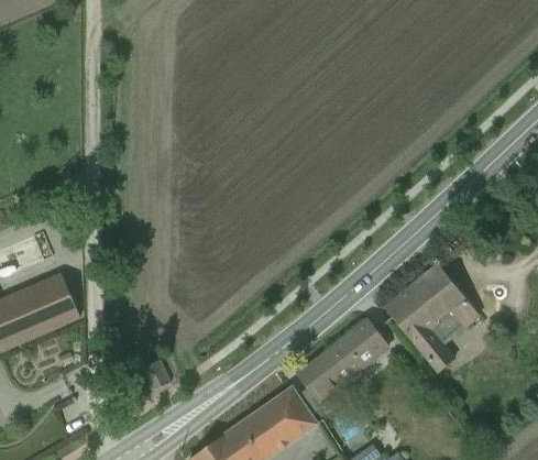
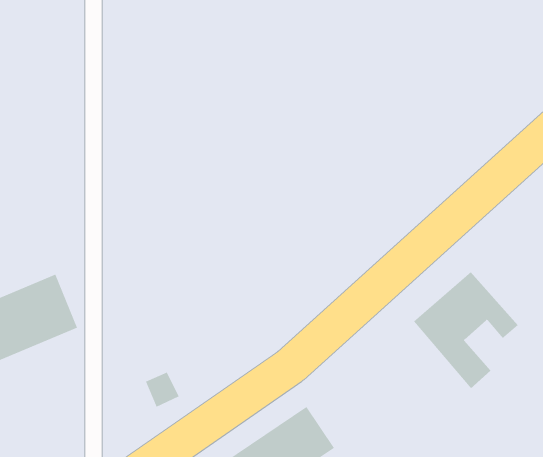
building: [300,326,387,402] -> none

